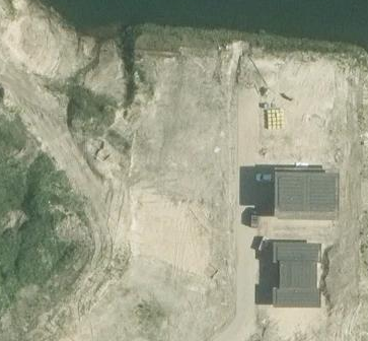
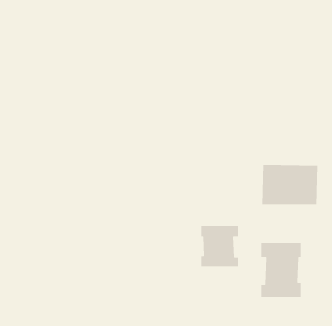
building: none -> [200,225,239,267]

